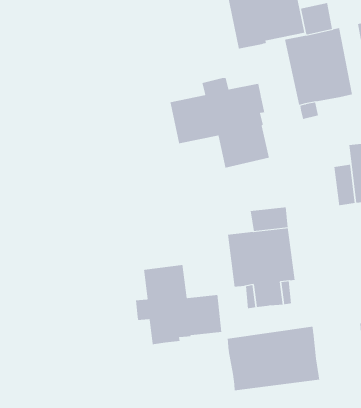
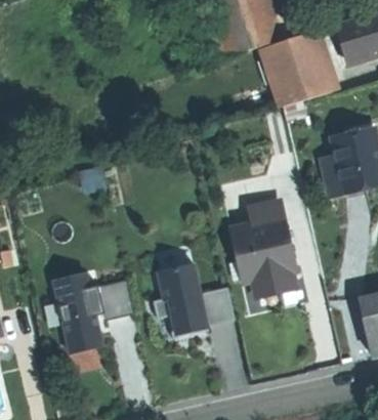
building: [170,77,270,169] -> none
building: none -> [54,272,135,352]
building: [227,326,320,391] -> none

